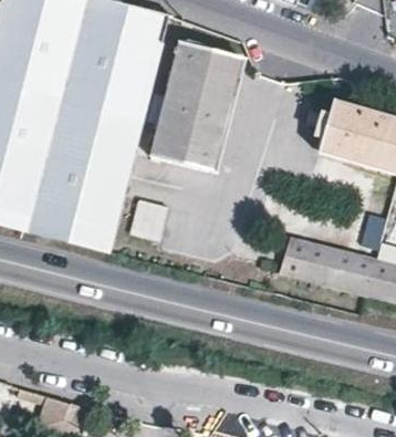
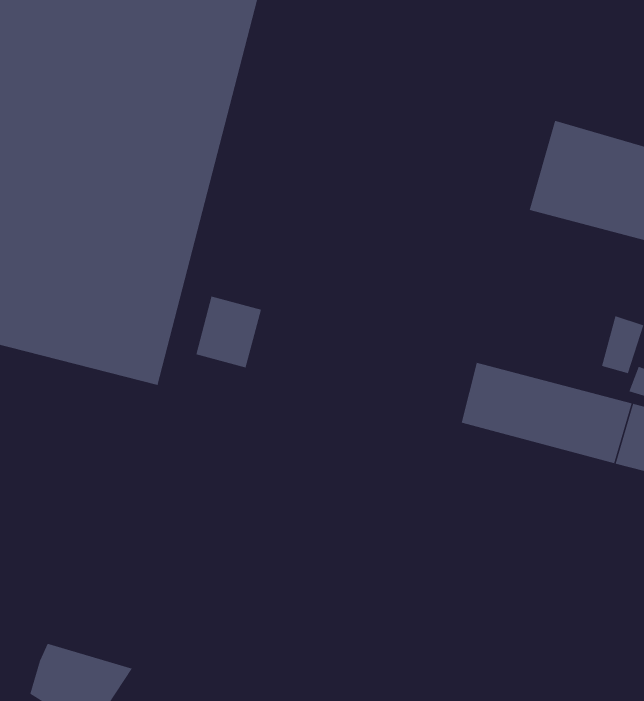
building: [149,41,241,171] -> none

